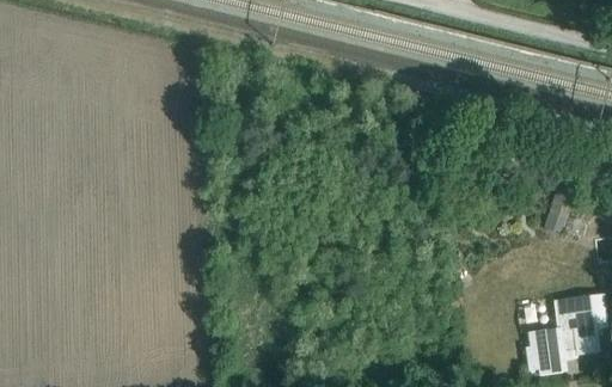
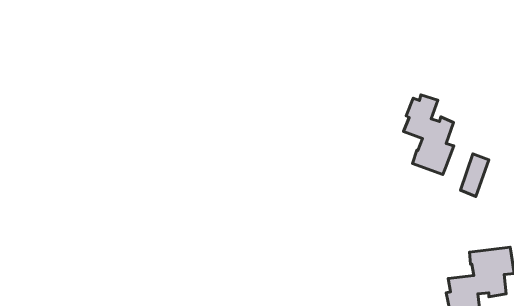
building: none -> [404,95,454,174]

